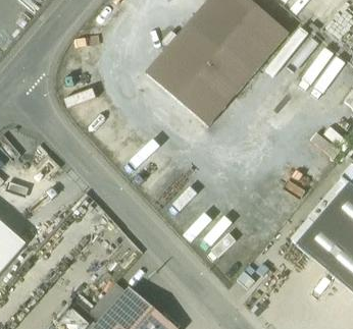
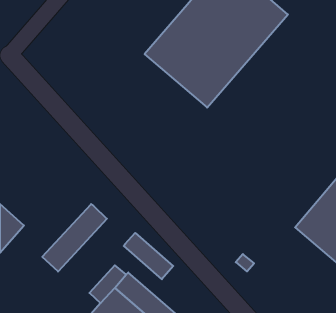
building: none -> [42,204,107,272]
building: none -> [124,233,173,279]

